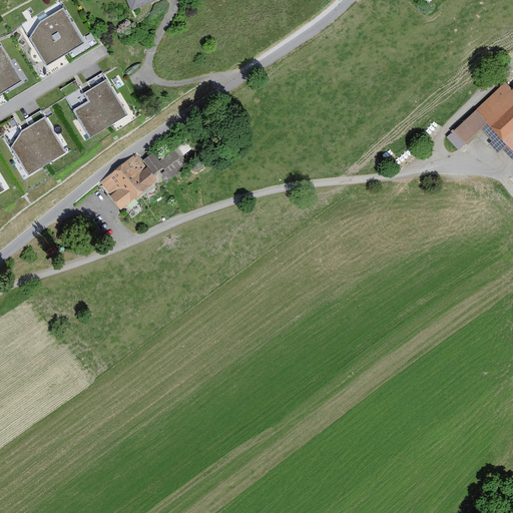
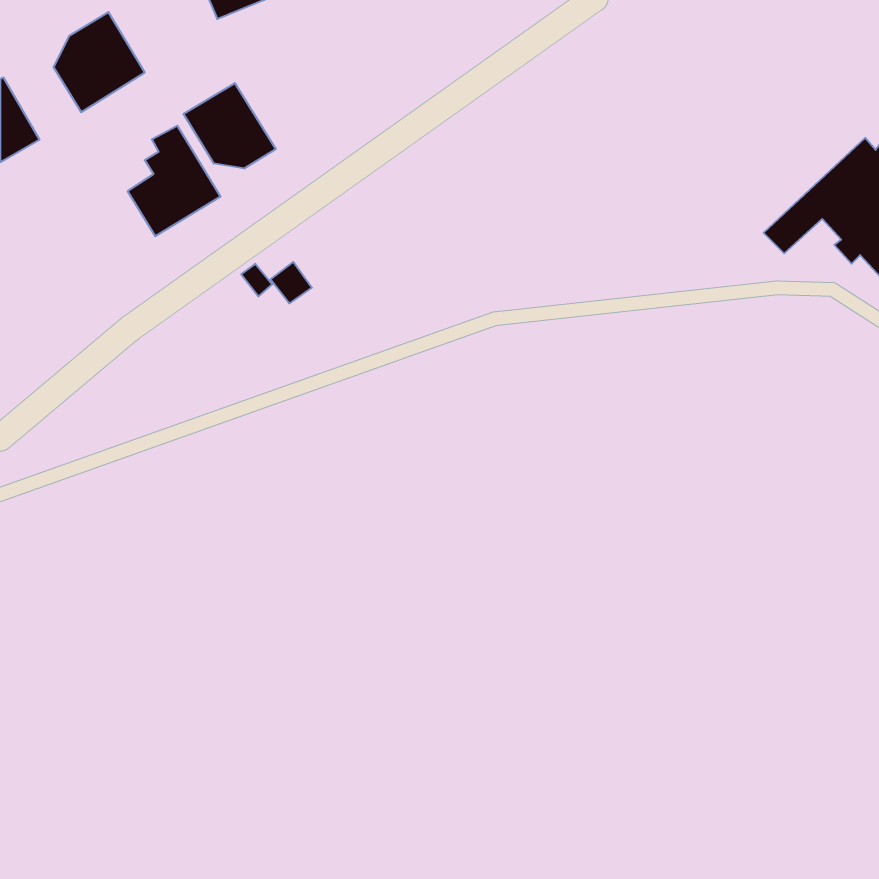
building: none -> [184,83,276,169]
building: [12,111,66,175] -> none
building: [98,153,153,209] -> none

